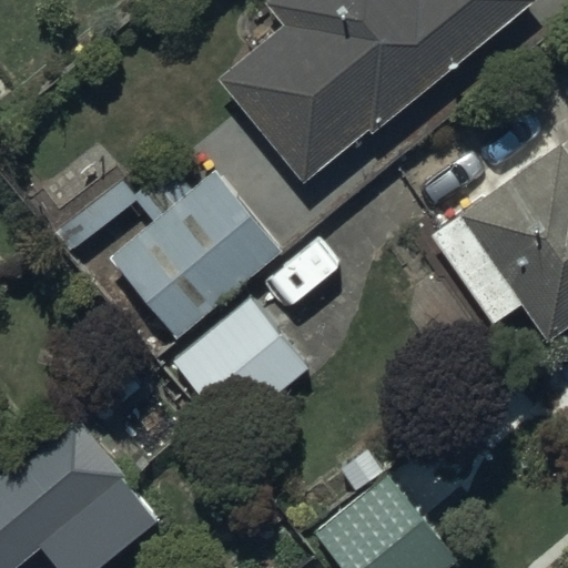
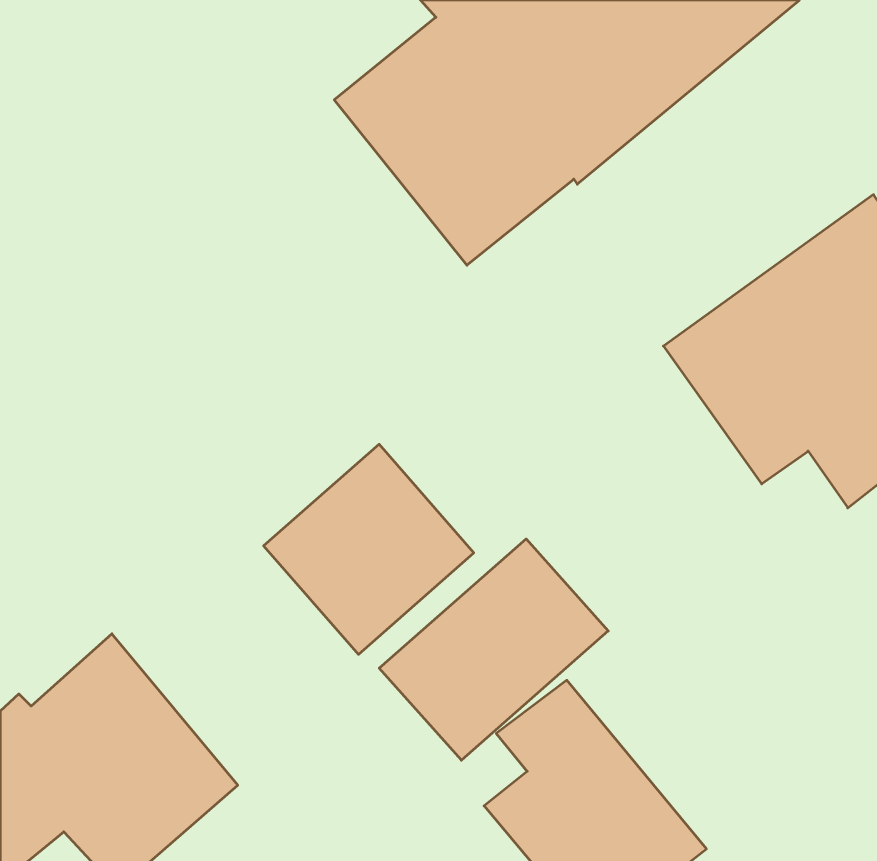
building: [42,156,283,338] -> none
building: none -> [379,539,608,760]

